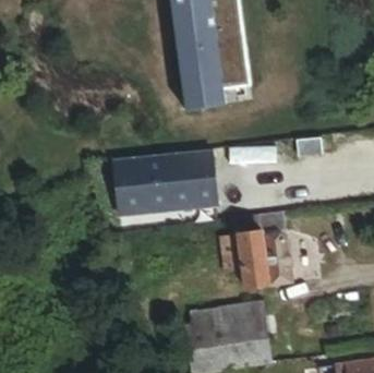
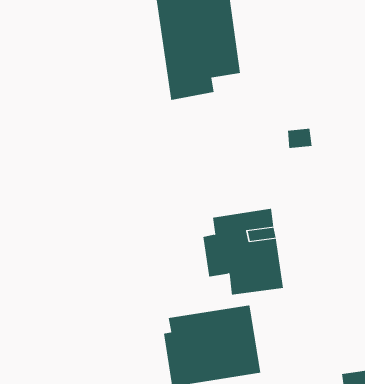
building: [111,148,216,217] -> none

